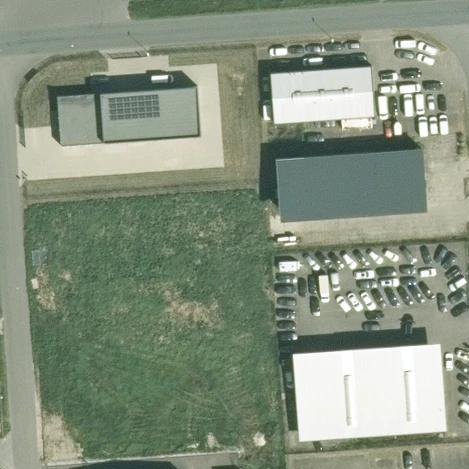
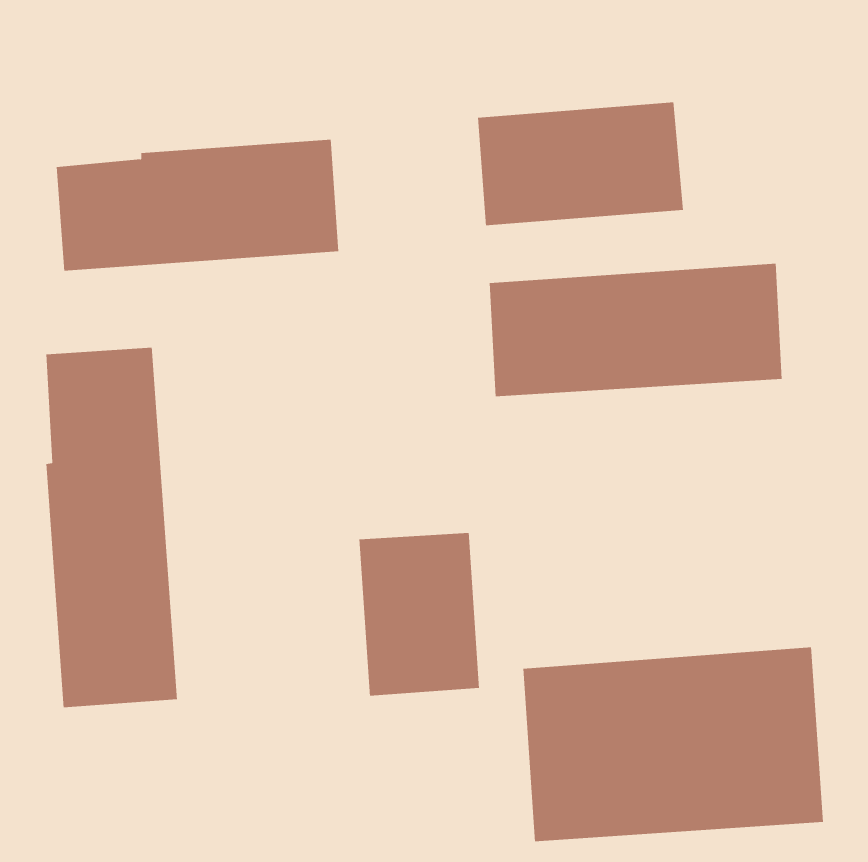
building: none -> [46,347,177,708]
building: none -> [359,532,479,697]

